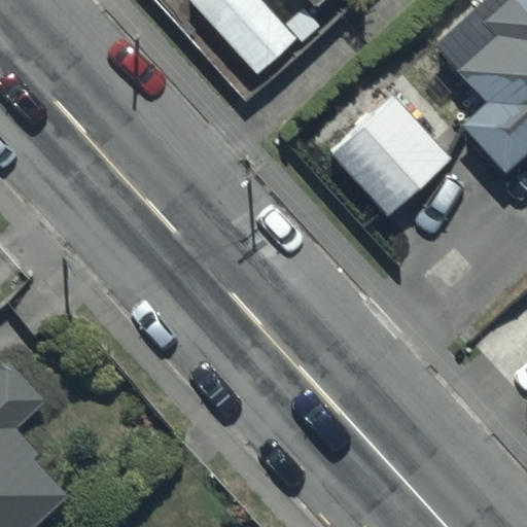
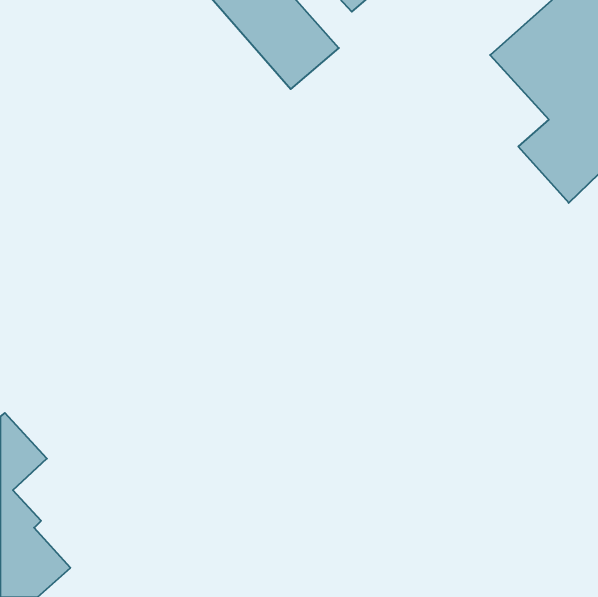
building: [338,94,450,206] -> none

